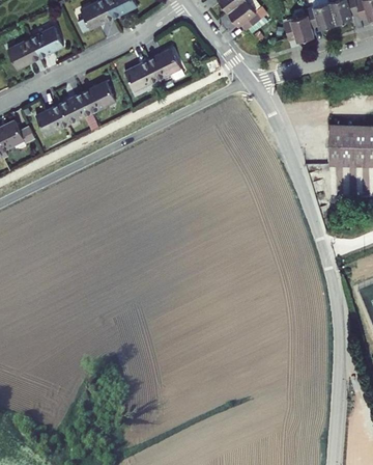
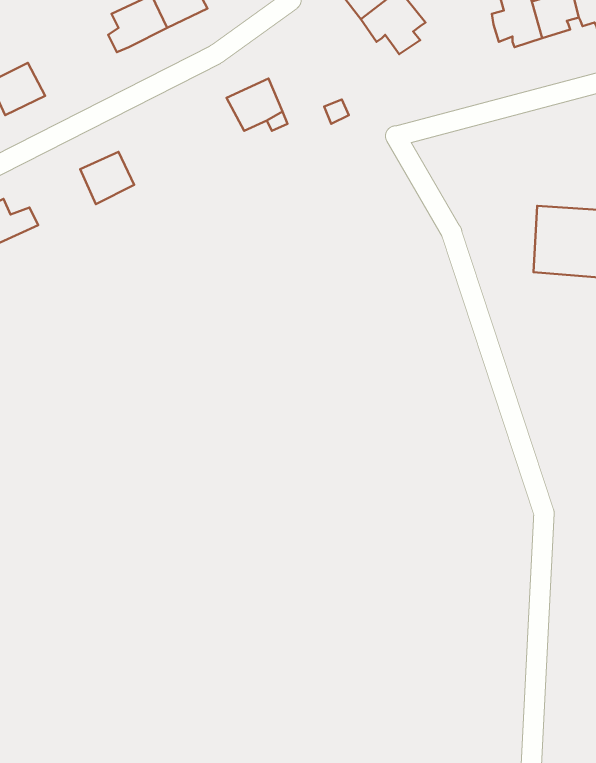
building: [282,17,312,43] -> none
building: [29,27,62,59] -> none
building: [124,60,157,91] -> none
building: [83,81,115,112] -> none
building: [36,103,69,135] -> none

